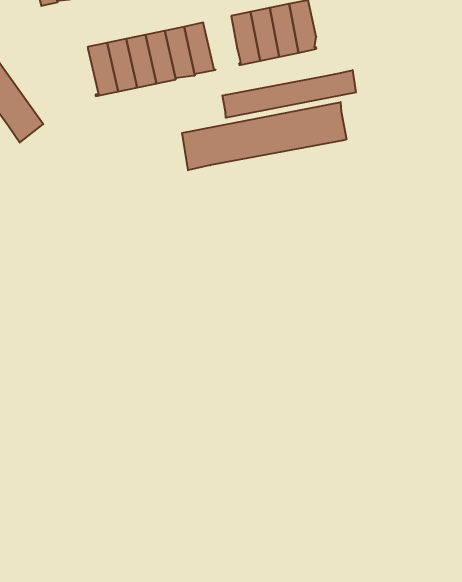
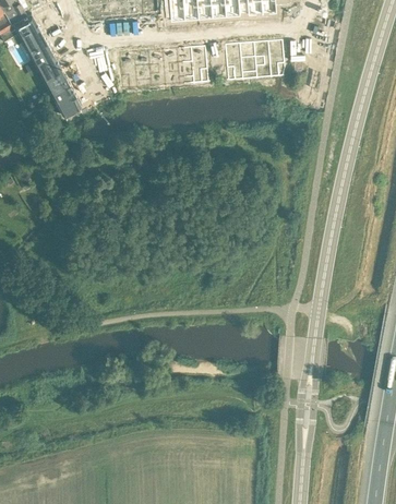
building: [222,70,356,118] -> none
building: [182,102,347,170] -> none

